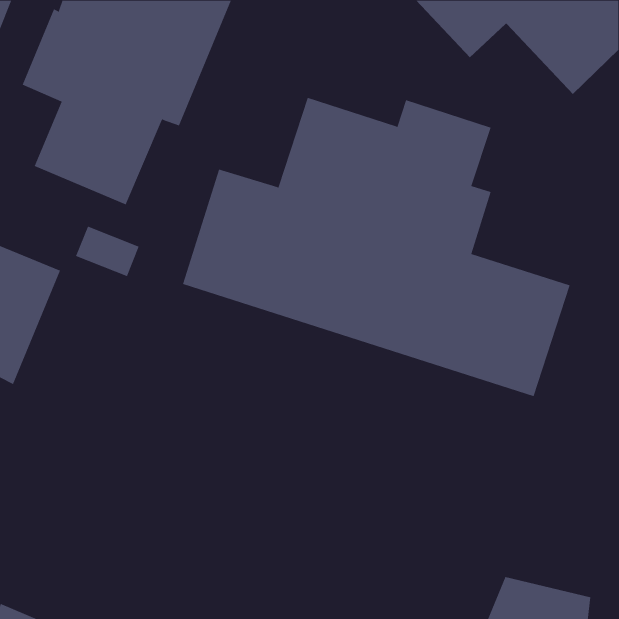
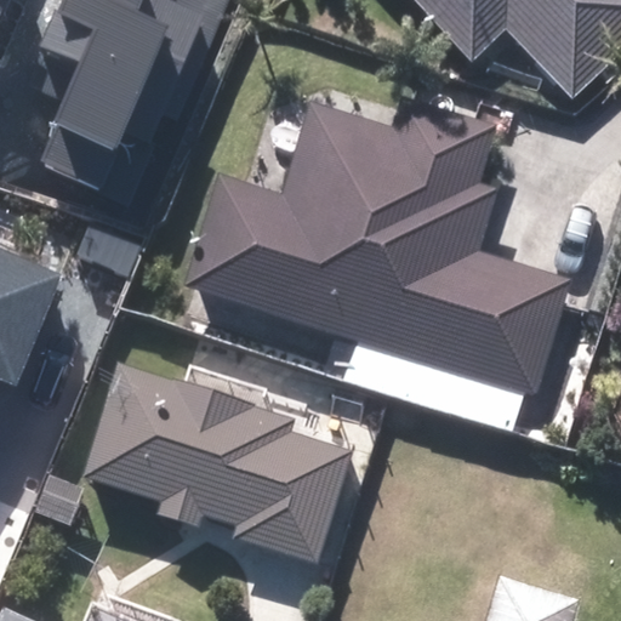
building: none -> [90,363,349,562]

